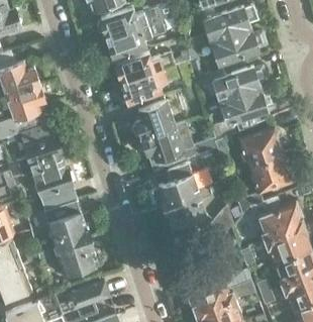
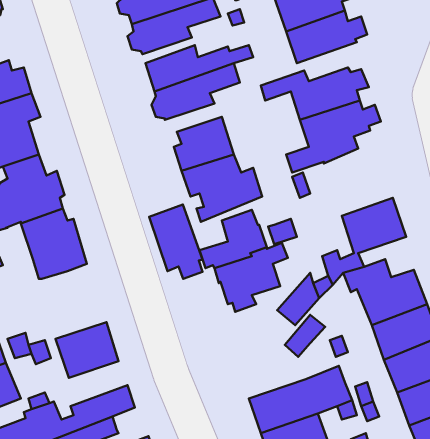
building: [235,118,282,168] -> none
building: none -> [149,204,203,279]
building: [45,205,89,250] -> none

